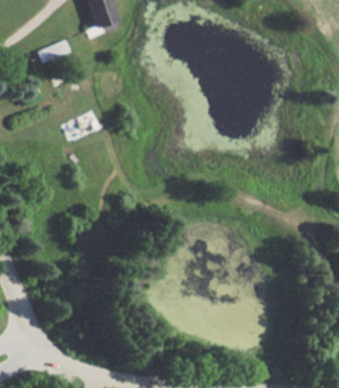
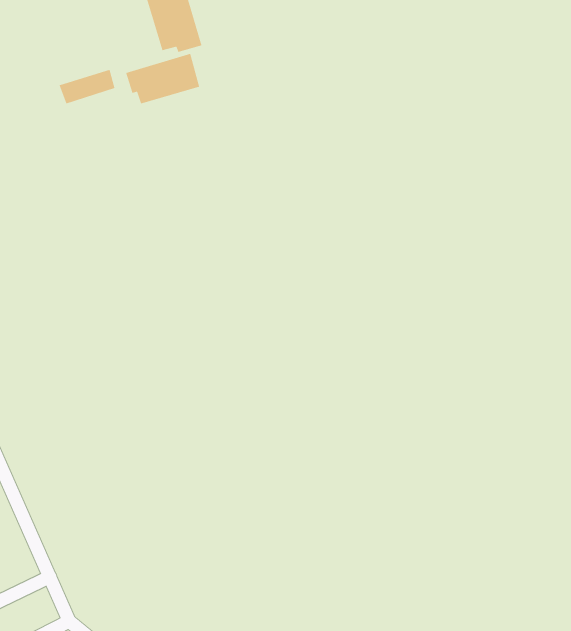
building: none -> [125,53,200,105]

